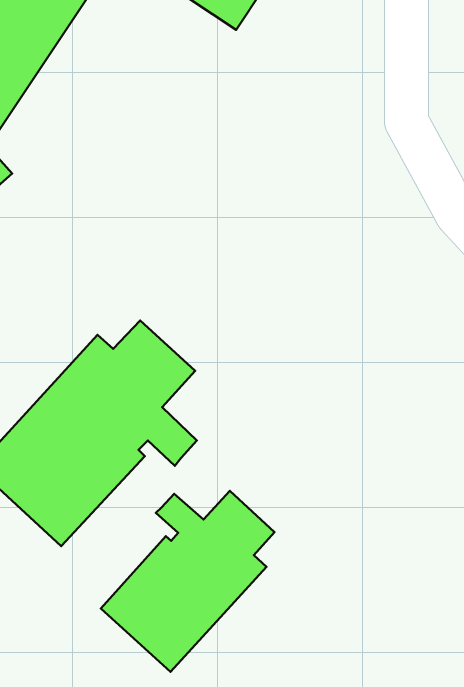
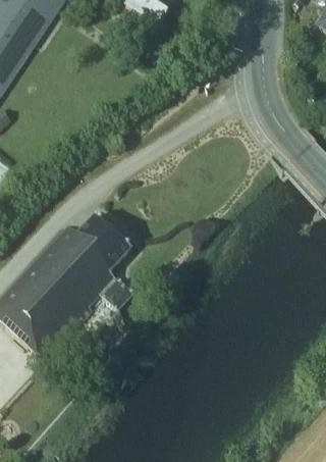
building: [101,491,274,672] -> none

